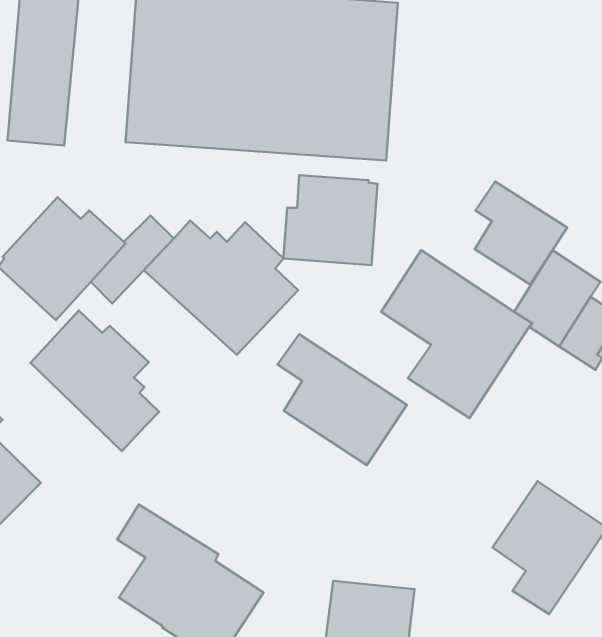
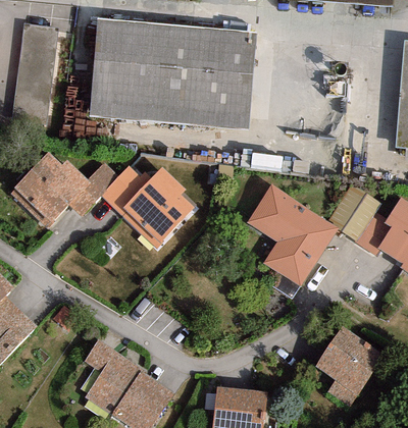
building: [283,175,377,265] -> none
building: [475,181,567,285] -> none
building: [30,311,159,451] -> none
building: [277,334,407,465] -> none

